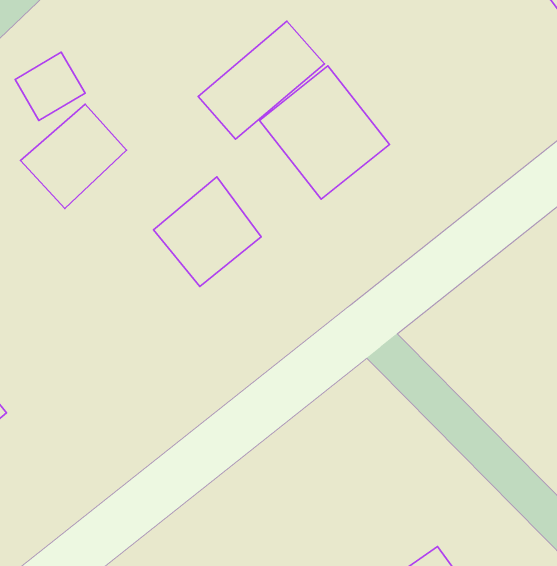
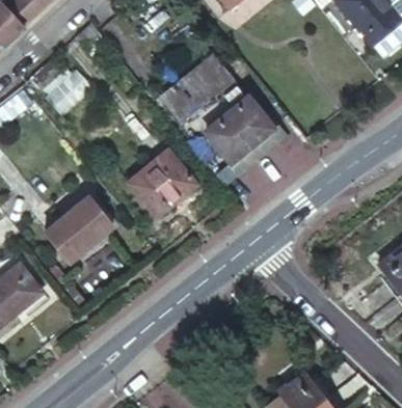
building: [20,104,126,208] -> [45,198,109,262]

